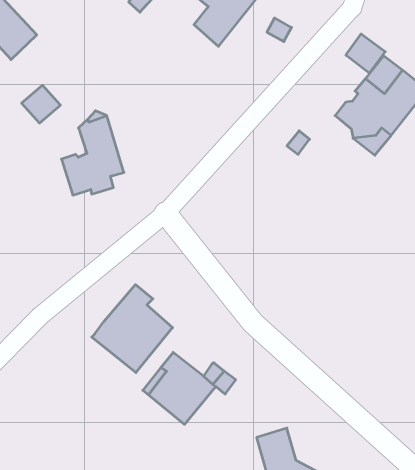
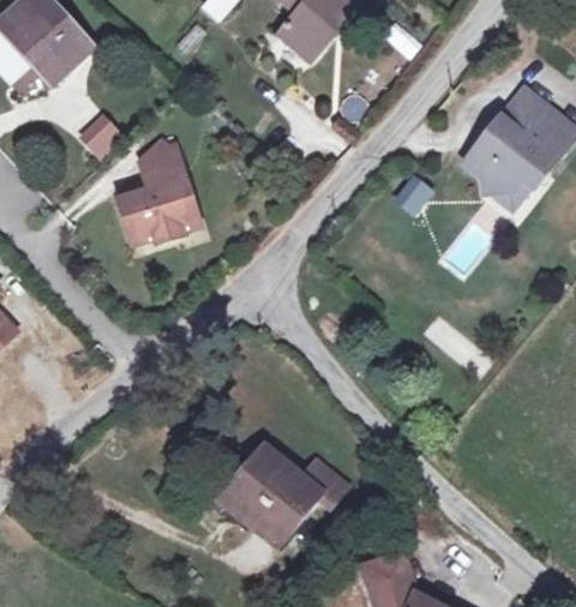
building: [346,34,385,73] -> none
building: [92,285,173,373] -> none

